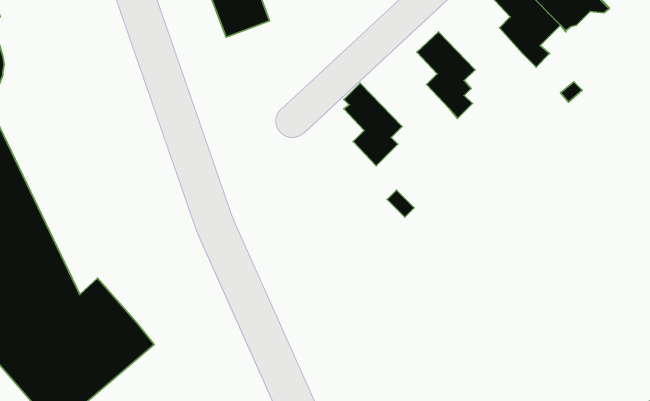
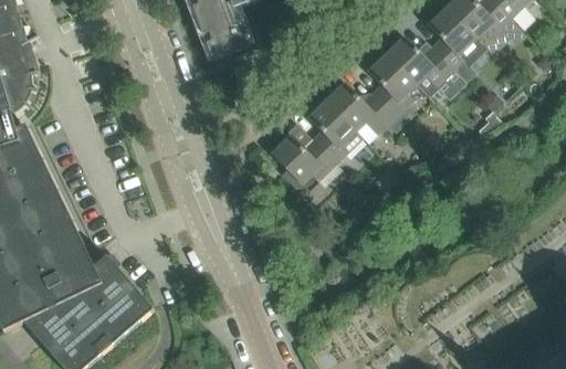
building: none -> [385,35,464,97]
building: none -> [321,82,400,143]
building: none -> [271,135,334,200]

